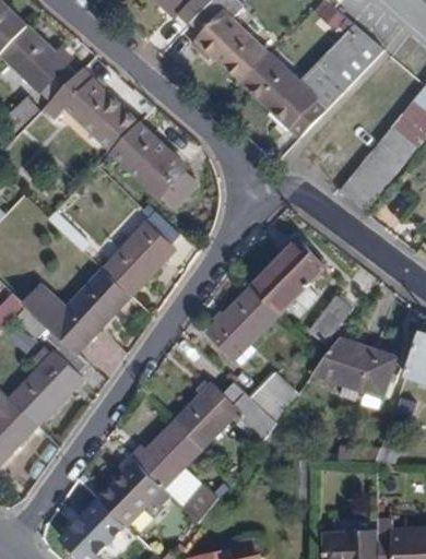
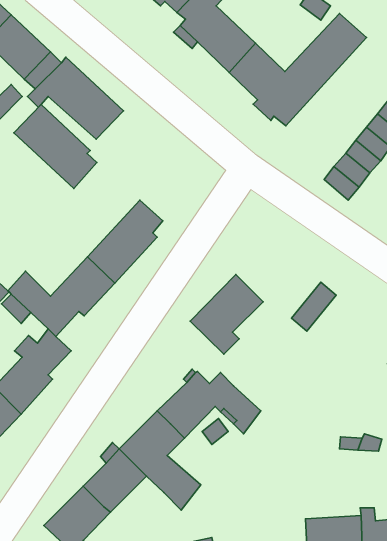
building: [111,122,194,206] -> [14,105,97,189]
building: [251,240,323,313] -> none
building: [313,338,394,396] -> none
building: [249,371,298,423] -> none

